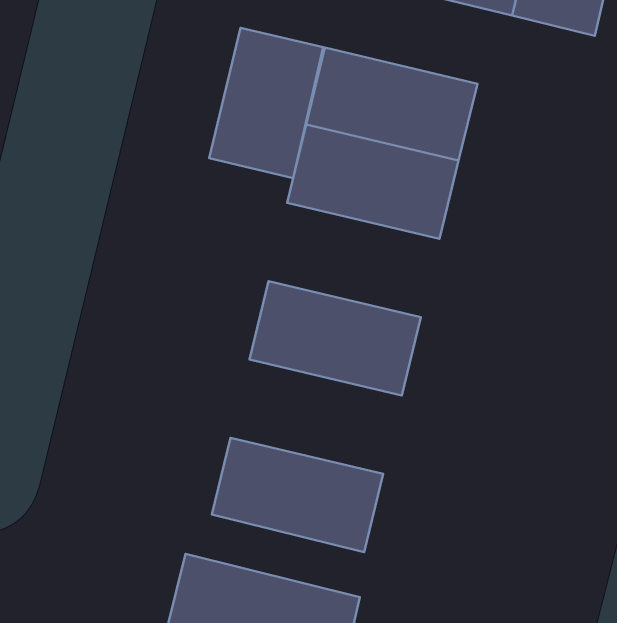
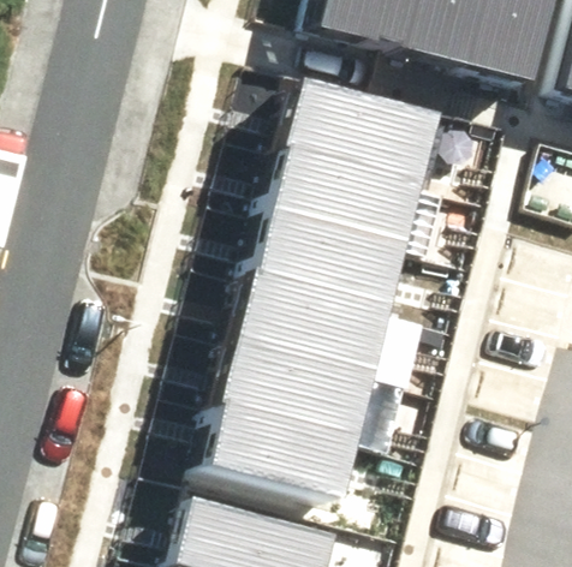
building: [209,28,323,178] -> none
building: none -> [255,211,397,306]
building: none -> [224,341,365,436]

